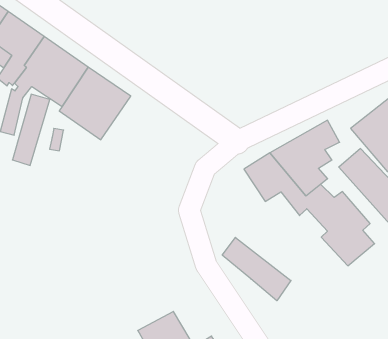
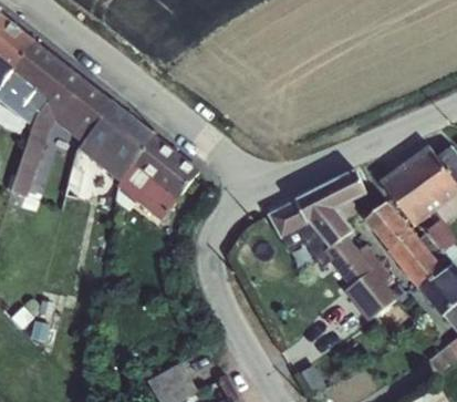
building: none -> [116,134,198,217]
building: [222,237,291,301] -> none

